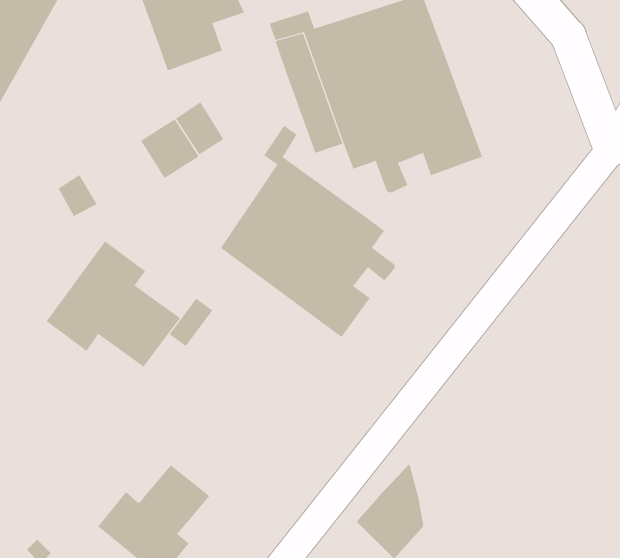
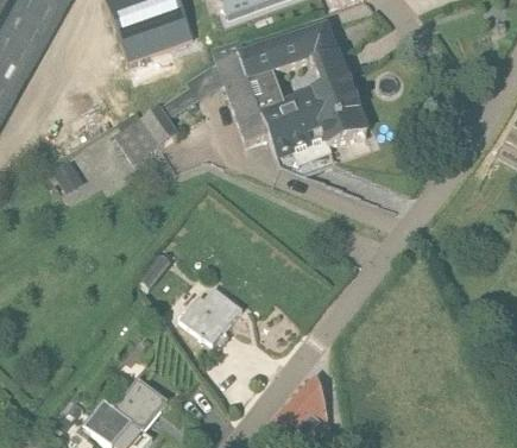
building: [220,125,395,338] -> none
building: [46,241,181,368] -> none
building: none -> [179,285,242,345]

